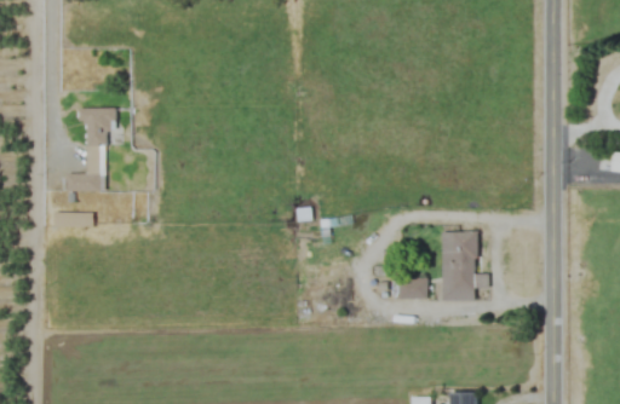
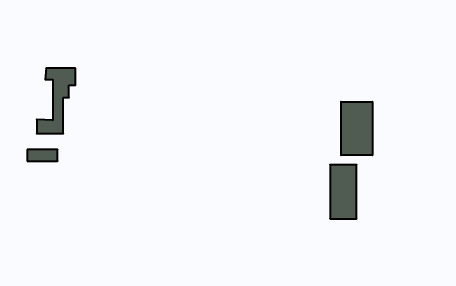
building: none -> [341,102,372,155]
building: [397,278,426,300] -> none

